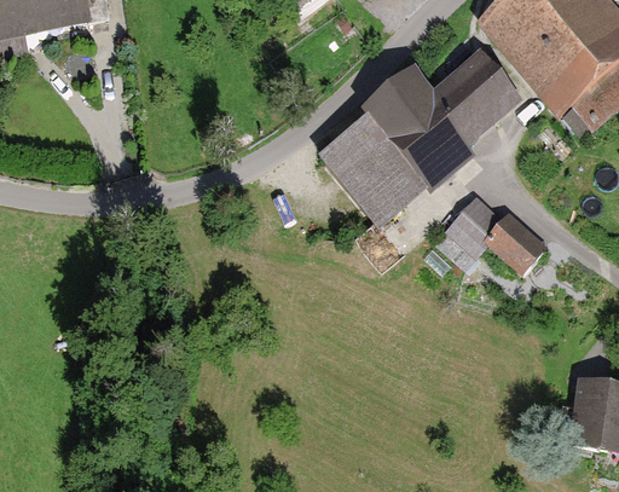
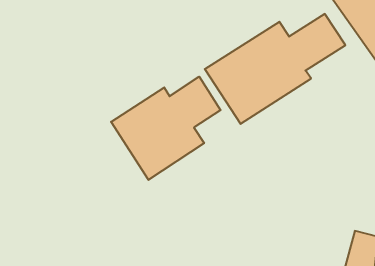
building: none -> [111,77,221,180]
building: [439,193,543,272] -> none

